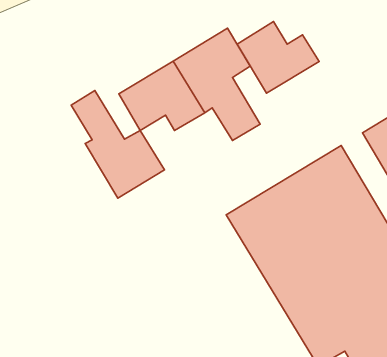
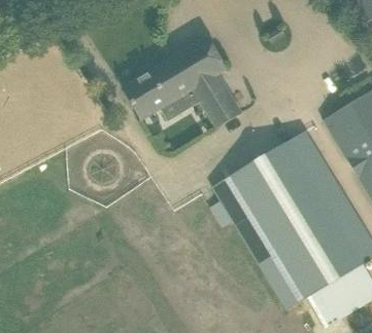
building: [237,22,319,93] -> none
building: [71,91,164,198] -> none

